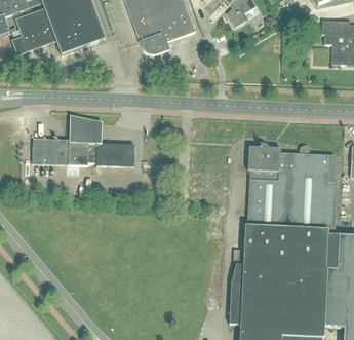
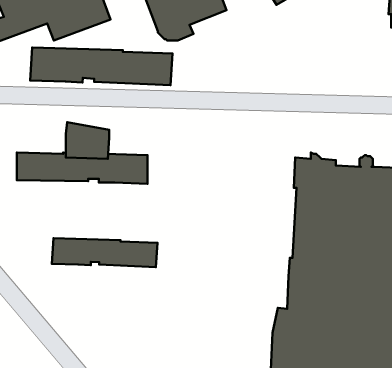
building: none -> [30,47,173,85]
building: none -> [52,238,157,267]

